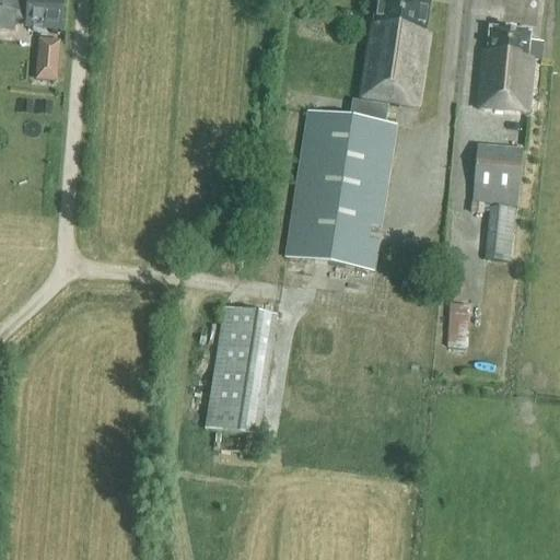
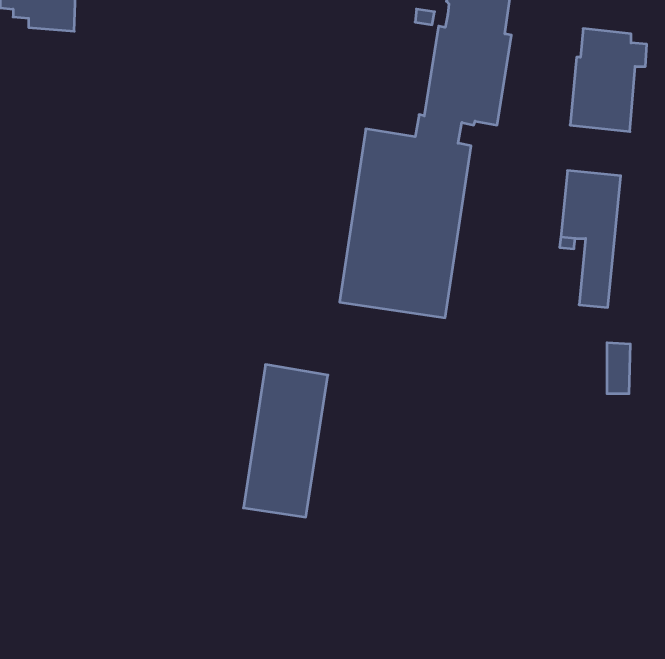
building: [36,36,59,78] -> none
building: [448,300,468,342] -> [607,343,630,394]

